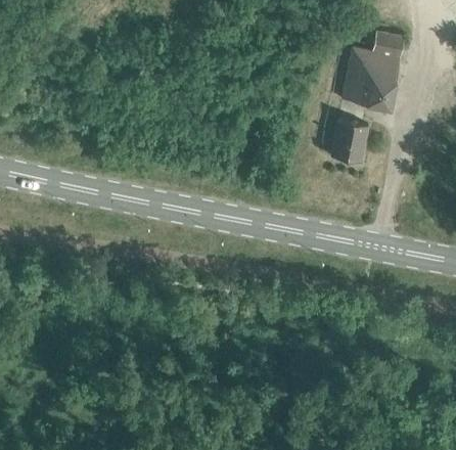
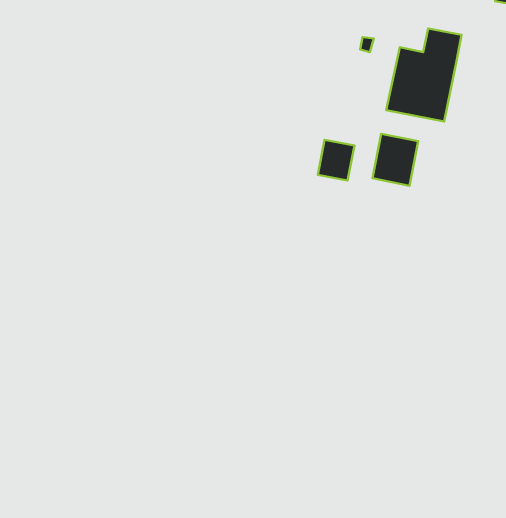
building: none -> [318,140,354,181]

